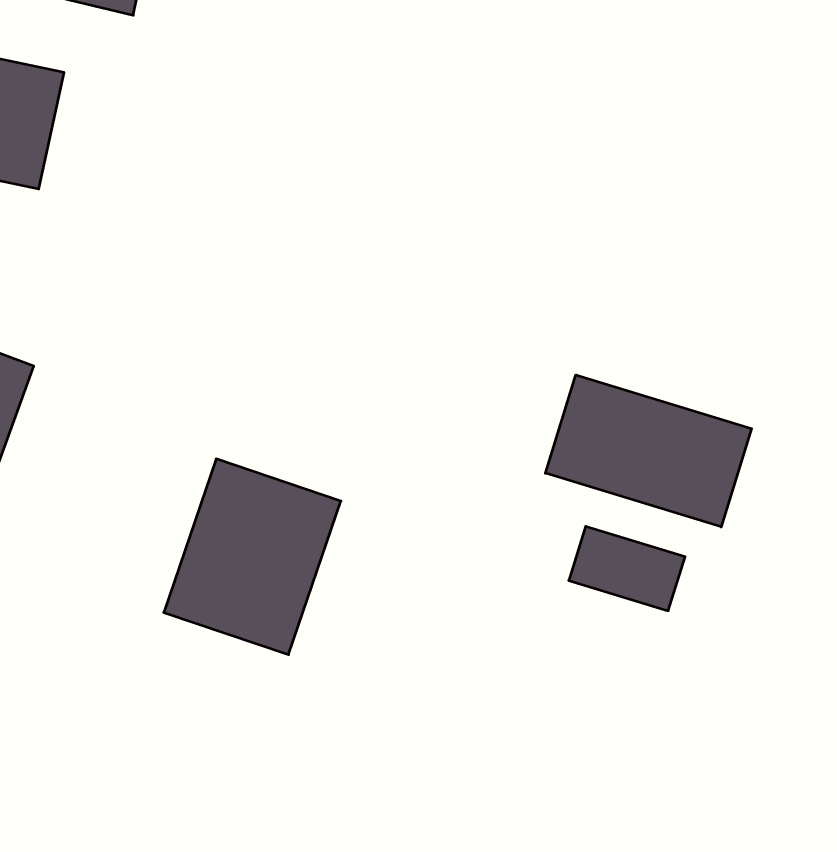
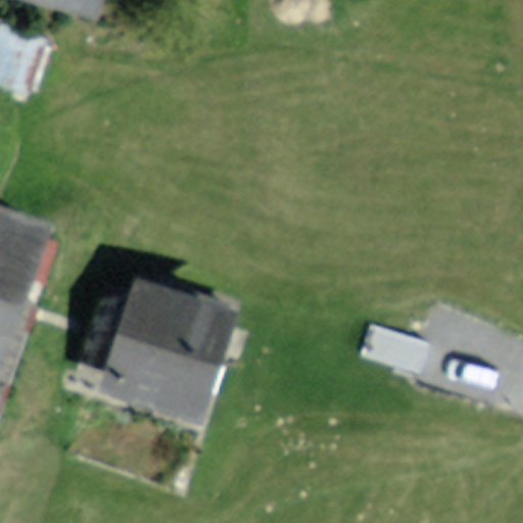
building: [545,375,752,527] -> none

